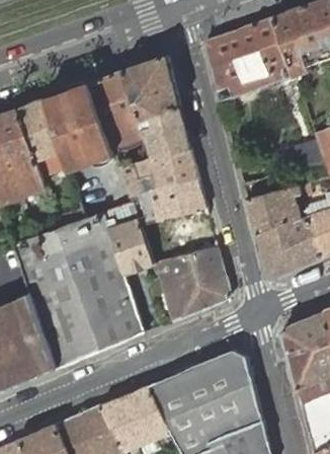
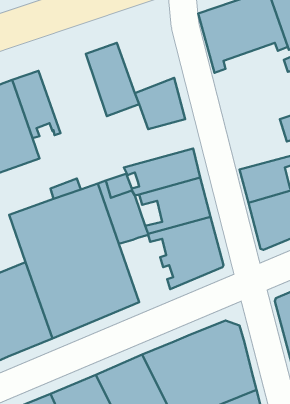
building: [121,56,179,122] -> none
building: [43,82,115,172] -> none
building: [119,148,198,197] -> none

